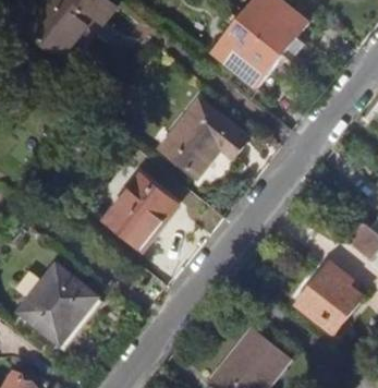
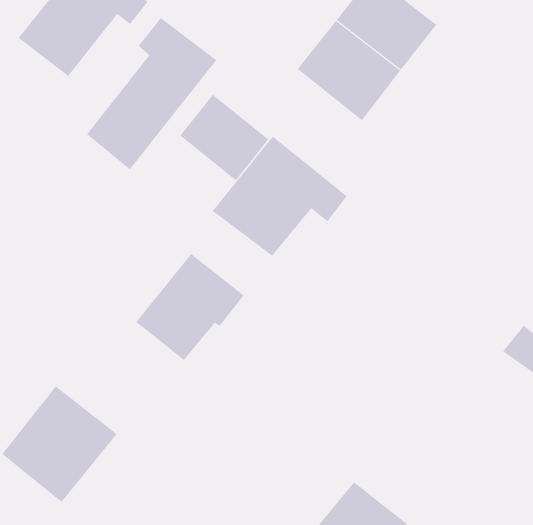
building: none -> [86,17,217,170]
building: none -> [179,94,269,181]
building: [295,268,359,331] -> none

